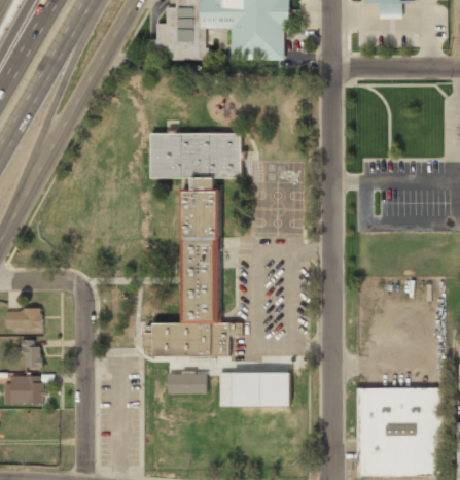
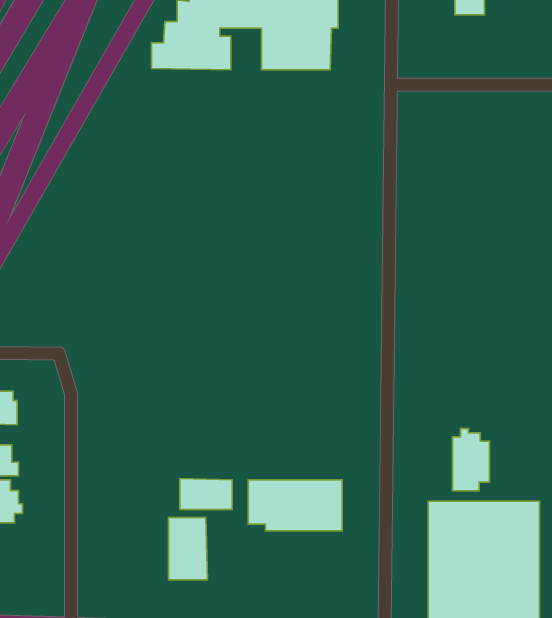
building: [141,136,240,359] -> none
building: none -> [452,428,490,491]
building: none -> [169,518,208,580]

